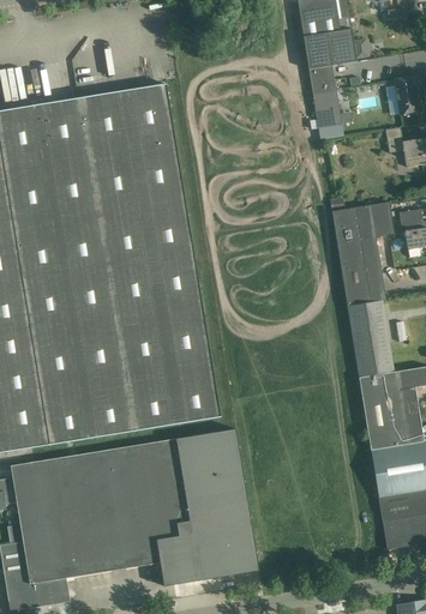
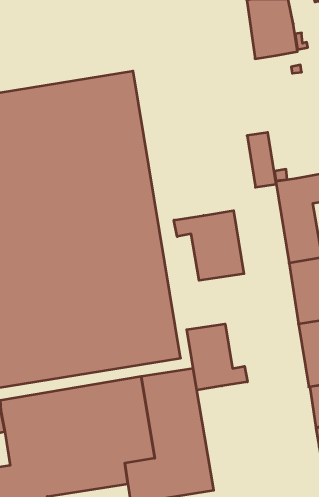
building: [307,65,341,128] -> [247,132,276,187]
building: none -> [174,211,244,280]
building: none -> [187,324,247,390]

